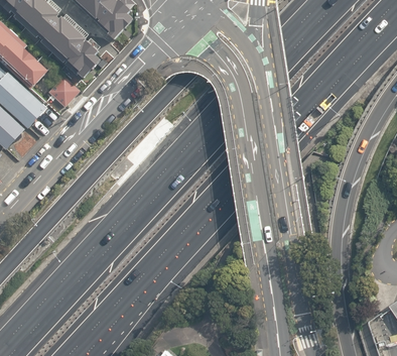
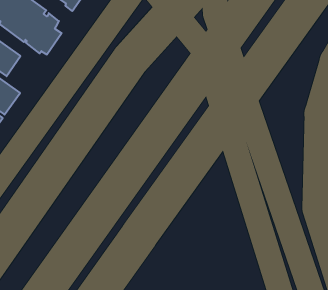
building: [46,77,79,110] -> none

